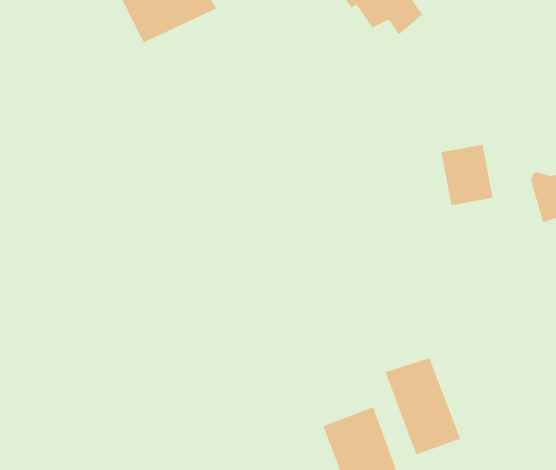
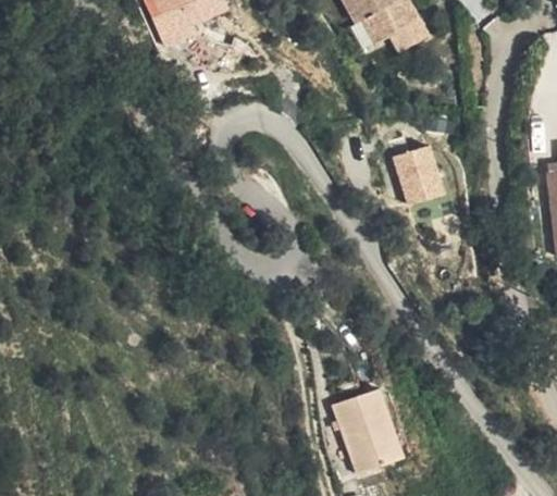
building: [440,144,494,206] -> [393,146,443,204]
building: [385,357,461,455] -> none

